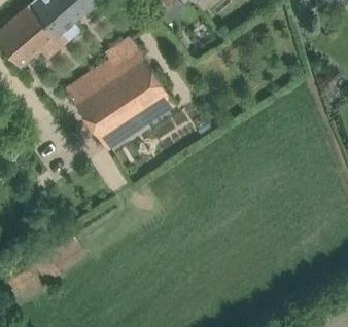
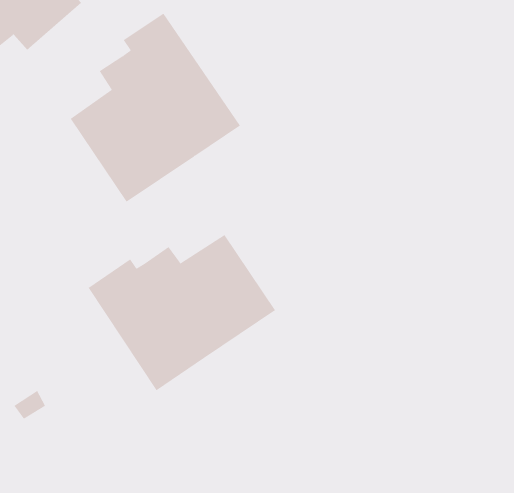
building: none -> [88,234,276,391]

